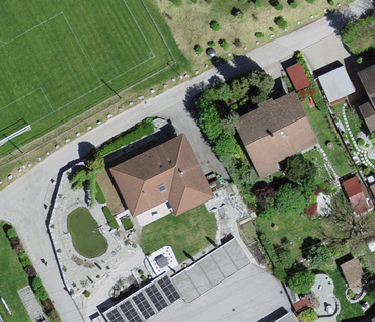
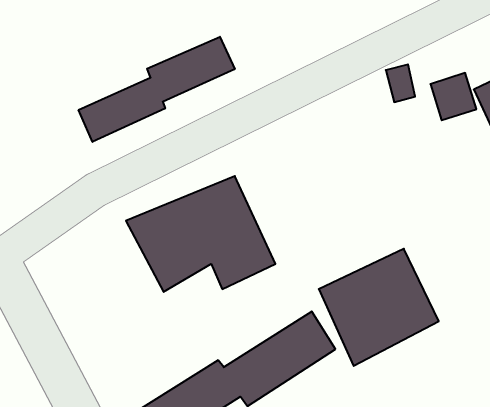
building: none -> [79,37,235,142]
building: [233,93,320,178] -> [319,249,439,366]

